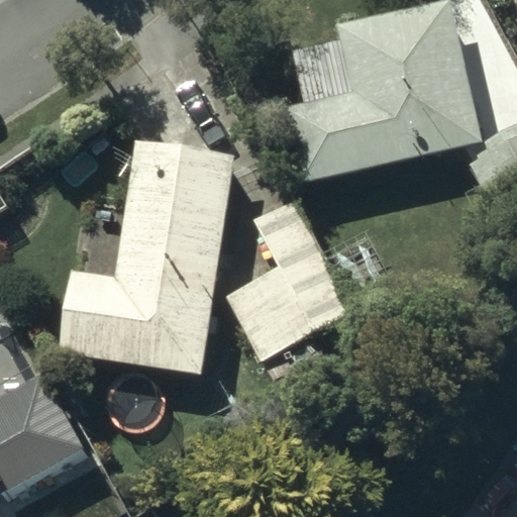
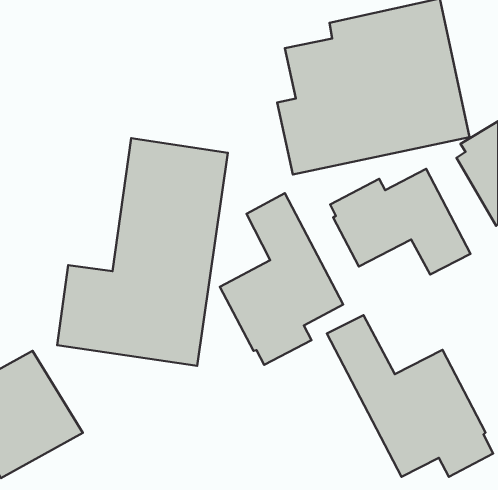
building: none -> [330,169,470,274]
building: none -> [327,315,493,477]

